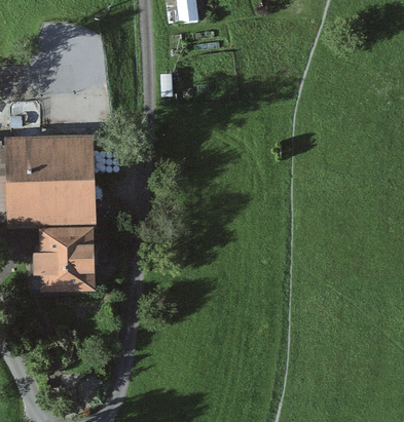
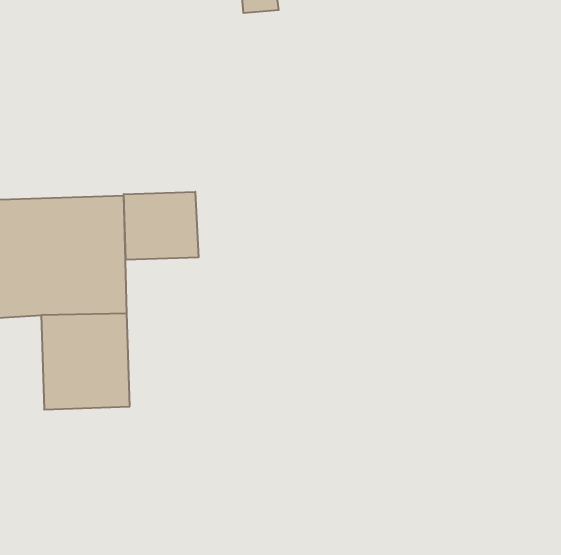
building: none -> [124,192,198,260]

